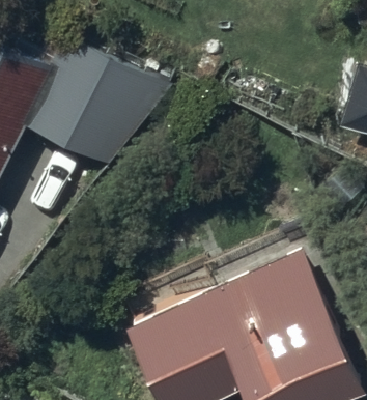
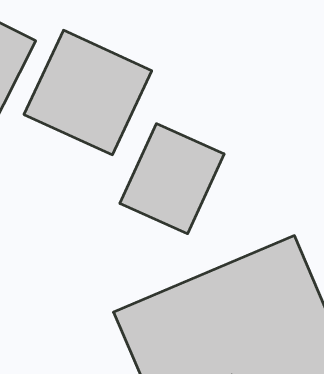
building: none -> [120,124,224,234]

